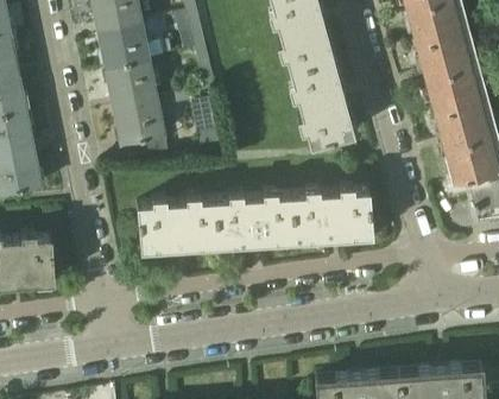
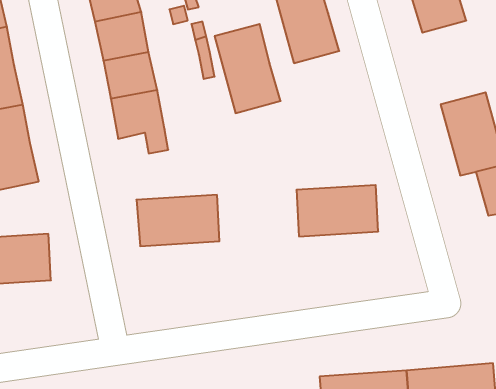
building: [416,30,478,112] -> none
building: [291,59,355,146] -> [215,24,281,113]
building: [216,195,296,245] -> none

